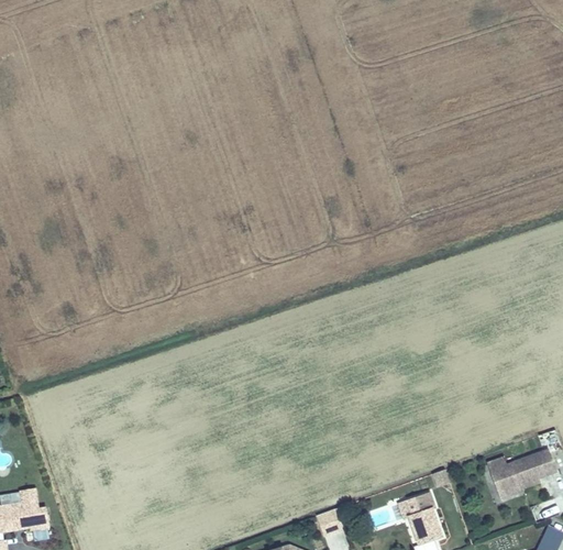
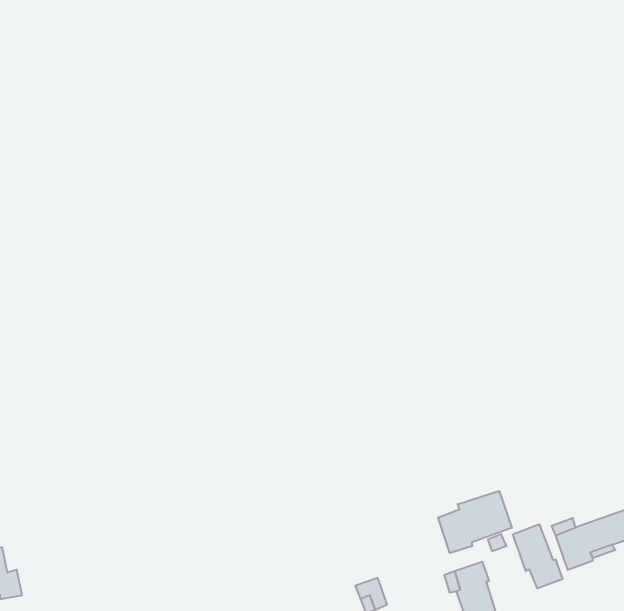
building: none -> [438,491,512,553]
building: none -> [513,524,563,589]

